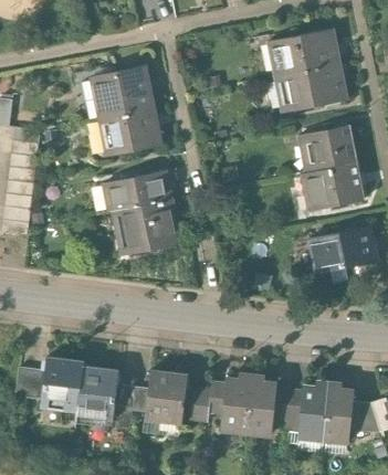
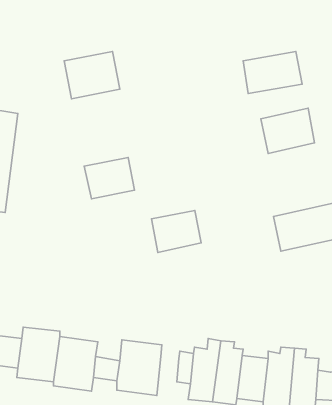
building: [272,32,334,75] -> none
building: [98,105,158,156] -> none
building: [305,161,361,209] -> none
building: [119,211,171,255] -> [152,210,201,252]
building: [189,386,211,419] -> none

